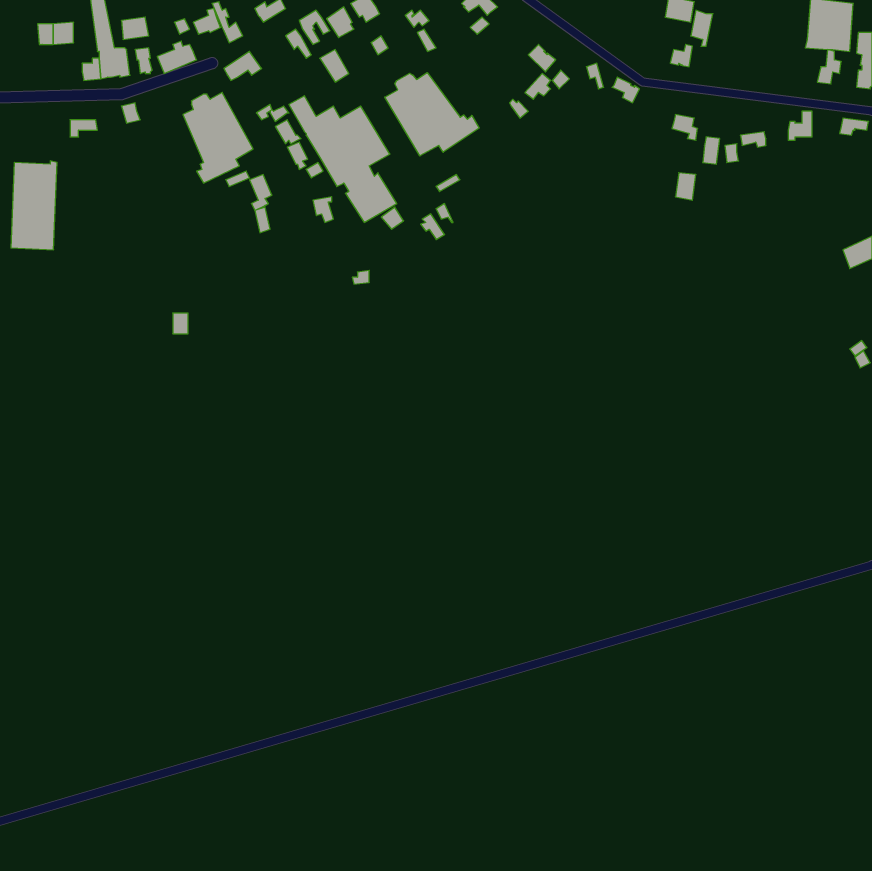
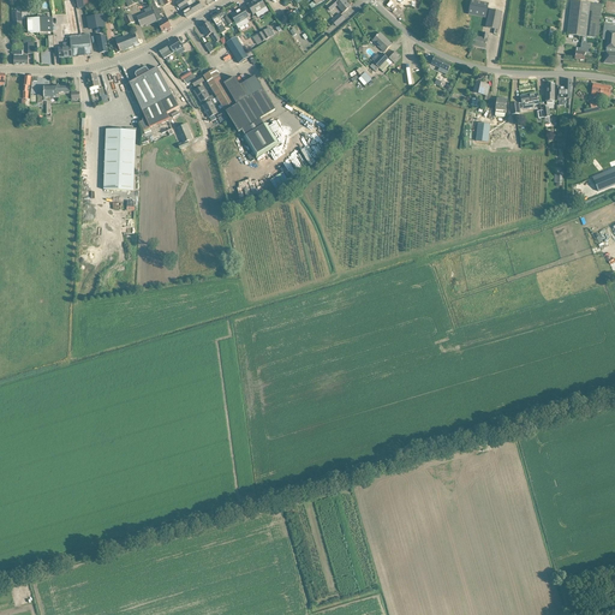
building: [385,73,479,156] -> none
building: [11,161,57,250] -> [102,126,135,189]

